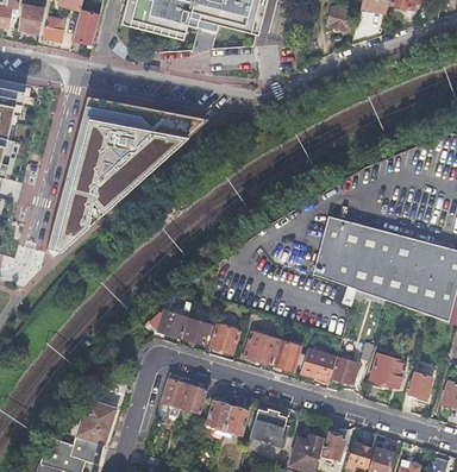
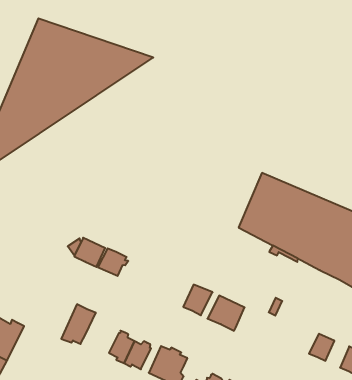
building: [209,322,238,352] -> none
building: [244,331,278,364] -> none
building: [368,353,405,388] -> none
building: [330,355,358,383] -> none
building: [180,383,207,411] -> none

